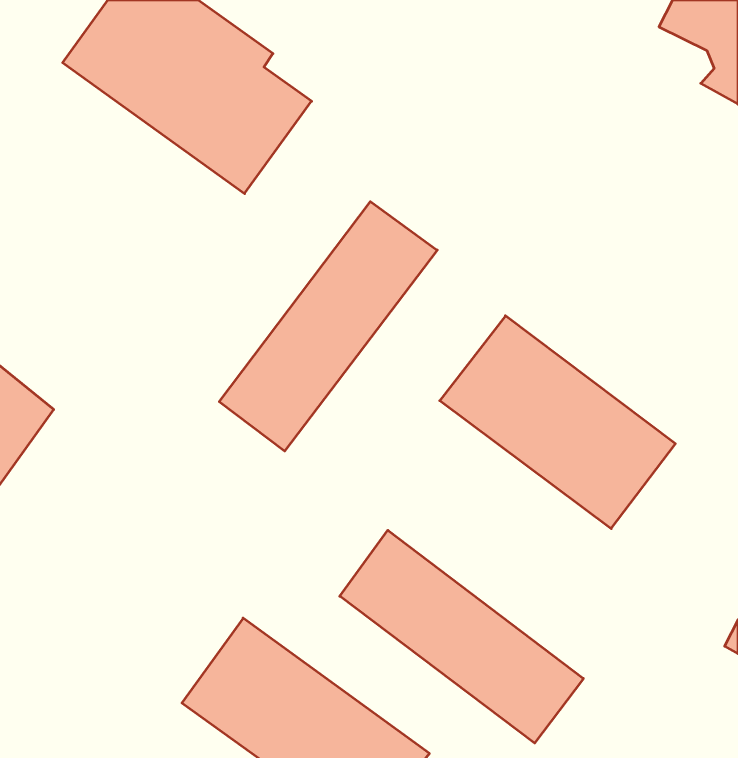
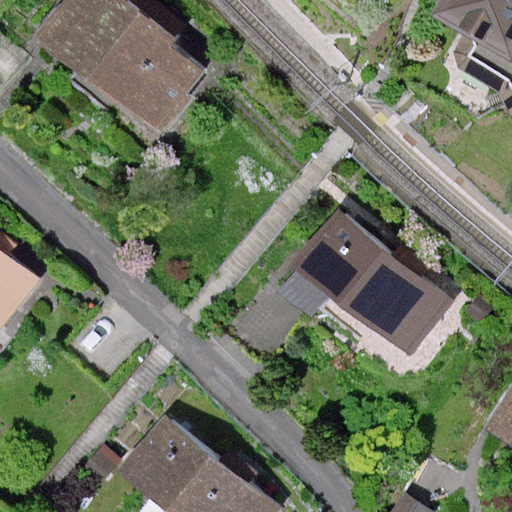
building: [219,202,437,451] -> none
building: [340,530,583,743] -> none

